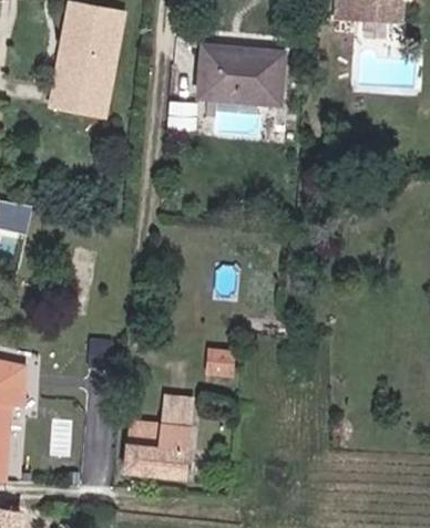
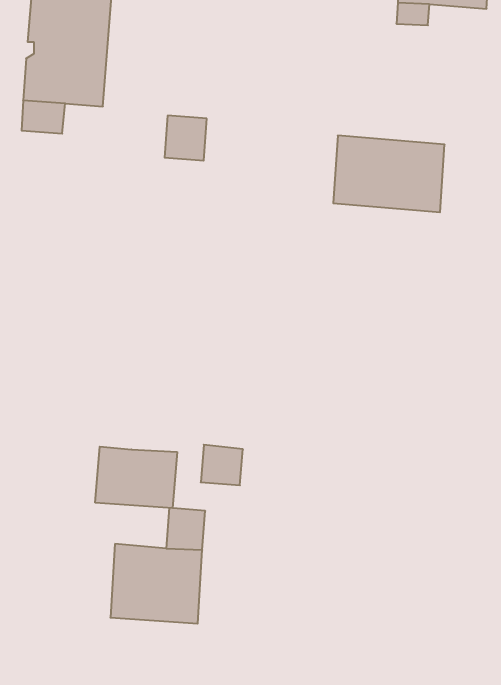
building: [197,48,279,104] -> [333,136,445,212]
building: none -> [95,447,177,508]

